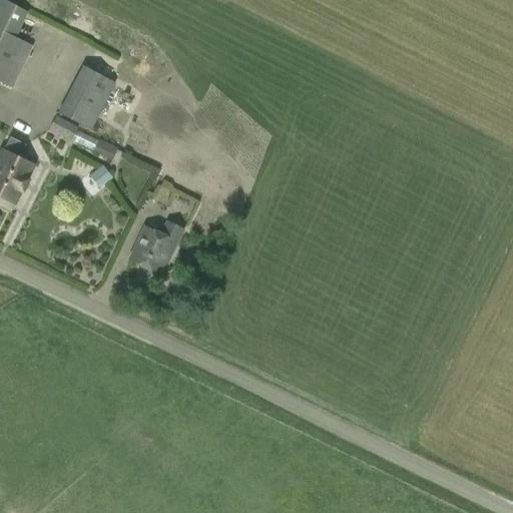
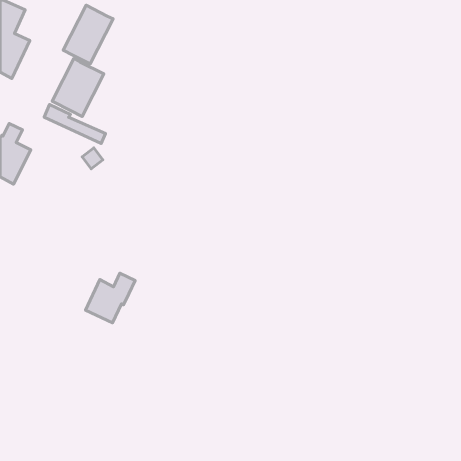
building: none -> [63,5,113,64]
building: [129,219,184,275] -> [85,273,135,323]

